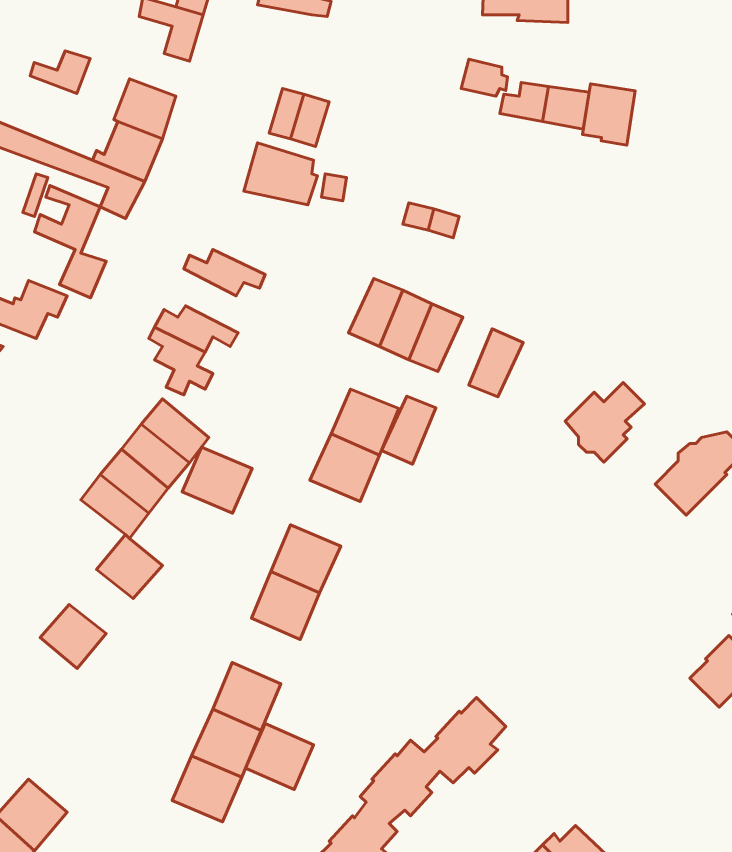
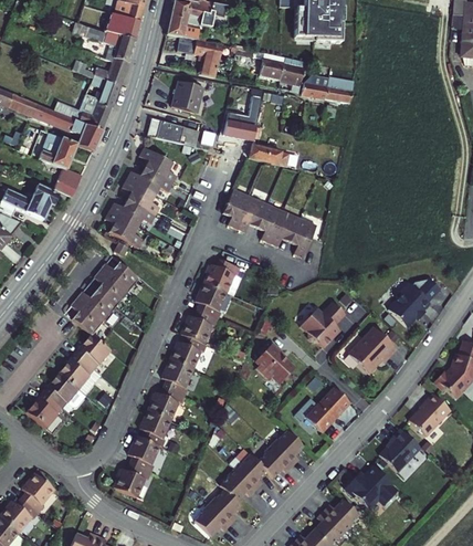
building: none -> [192,38,221,76]
building: none -> [260,52,285,80]
building: [30,51,90,93] -> [92,60,126,84]
building: [582,84,635,145] -> none
building: none -> [224,96,262,140]
building: none -> [136,149,178,186]
building: none -> [118,182,158,219]
building: [565,382,645,462] -> [303,301,348,346]
building: [382,396,436,464] -> [267,210,298,249]
building: [182,447,252,513] -> [183,303,223,340]
building: none -> [351,324,400,369]
building: none -> [257,338,297,380]
building: none -> [57,354,94,390]
building: none -> [308,384,353,430]
building: none -> [25,392,62,429]
building: none -> [380,427,421,470]
building: [246,723,314,789] -> [150,381,189,419]
building: none -> [346,465,400,508]

